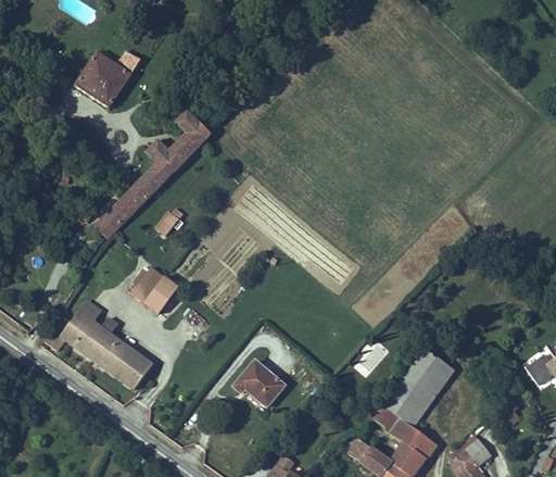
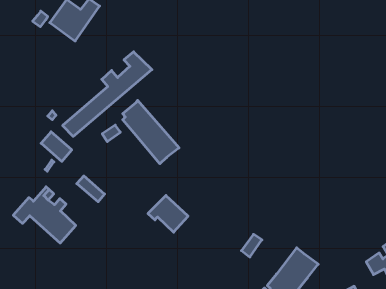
building: none -> [123,100,179,164]
building: [136,265,177,303] -> [41,132,72,161]
building: [112,348,152,389] -> none
building: [233,363,287,411] -> [148,195,188,232]

